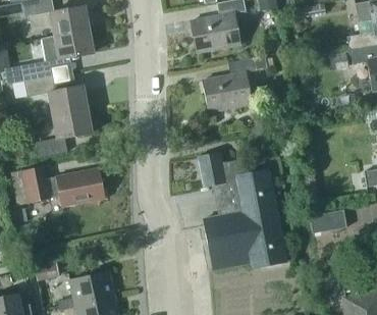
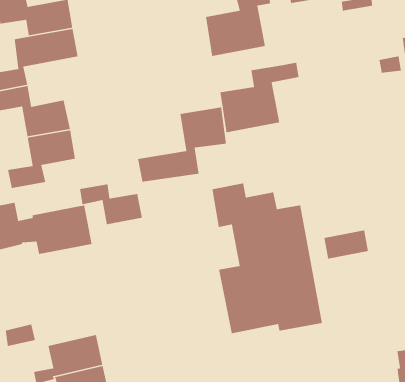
building: none -> [137,106,227,182]
building: none -> [79,183,143,225]
building: [311,210,346,233] -> [324,230,369,259]

